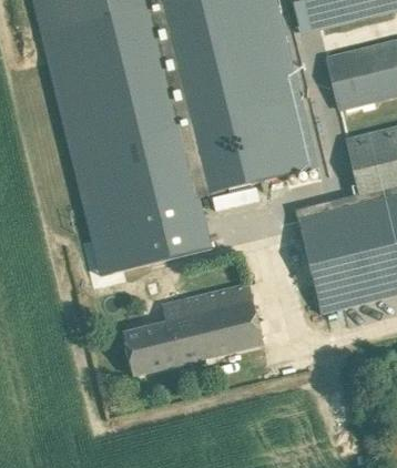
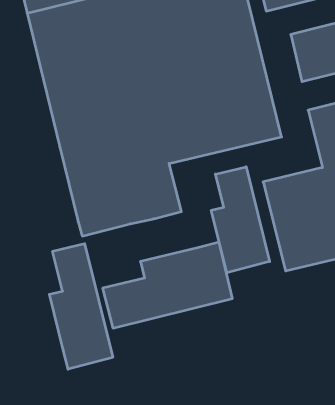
building: none -> [211,167,270,273]
building: none -> [49,244,113,369]

